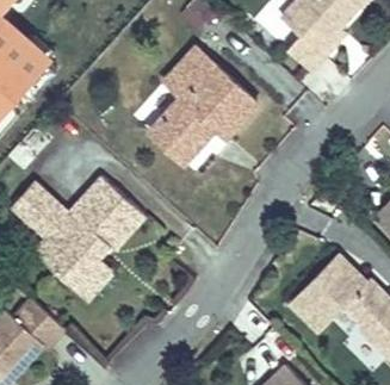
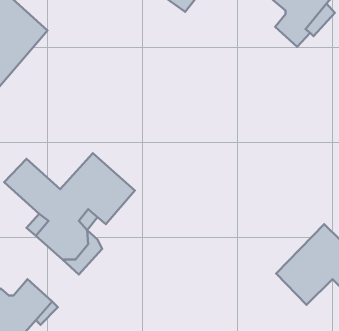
building: [151,54,254,163] -> none

